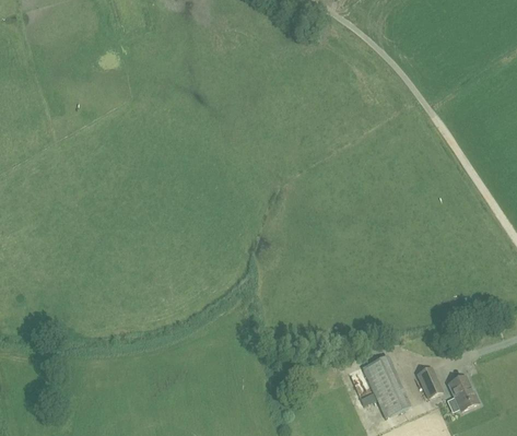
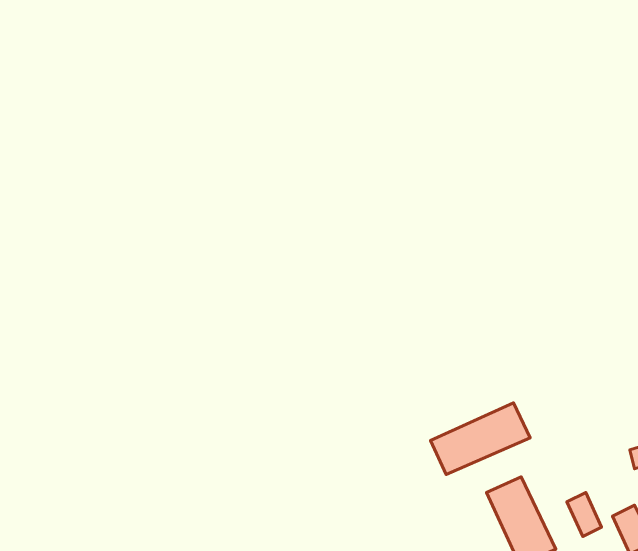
building: none -> [431,403,530,475]

